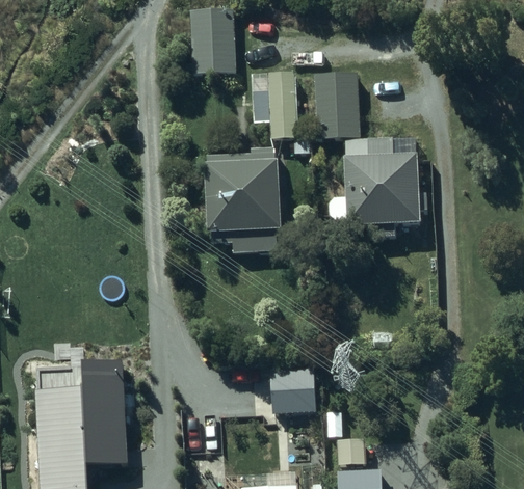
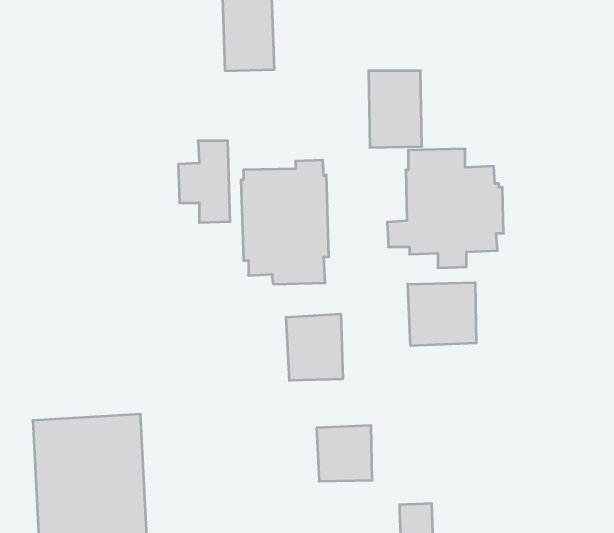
building: [253,72,296,140] -> [178,141,230,223]
building: none -> [408,283,476,346]
building: none -> [286,314,343,381]

